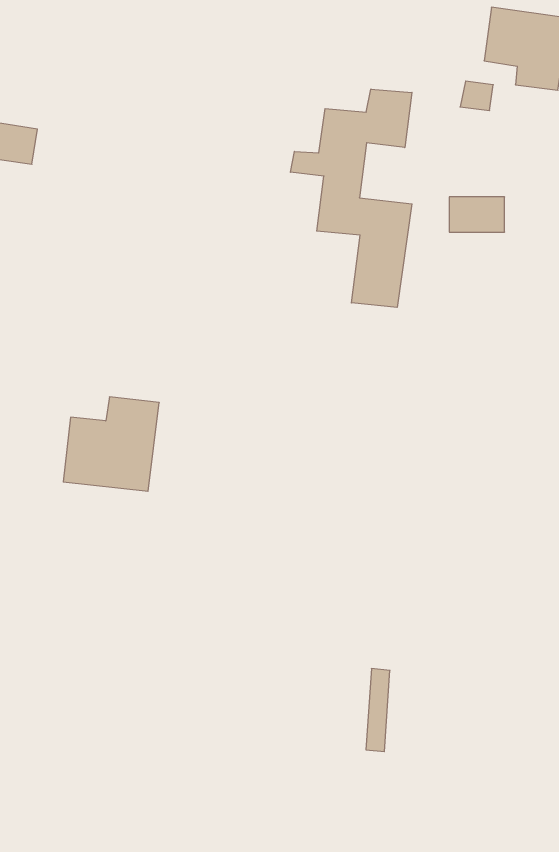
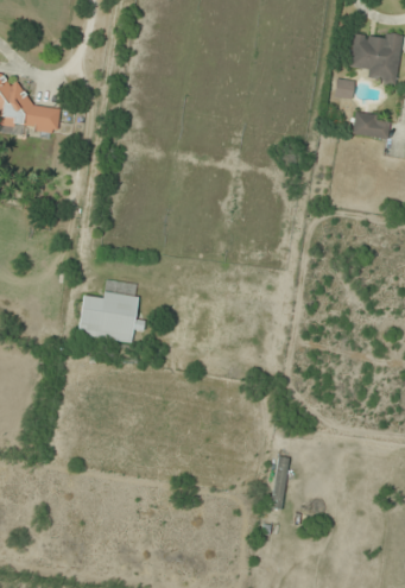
building: [290,89,412,307] -> none
building: [449,197,505,232] -> [352,114,387,137]

